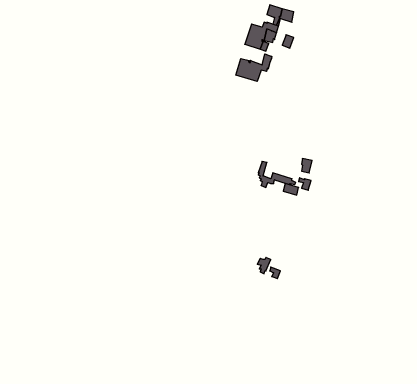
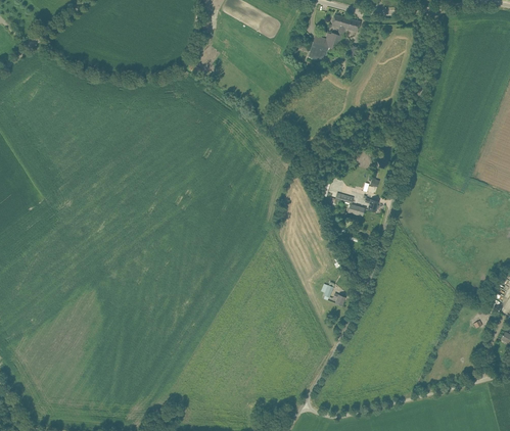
building: [236,54,272,81] -> none

